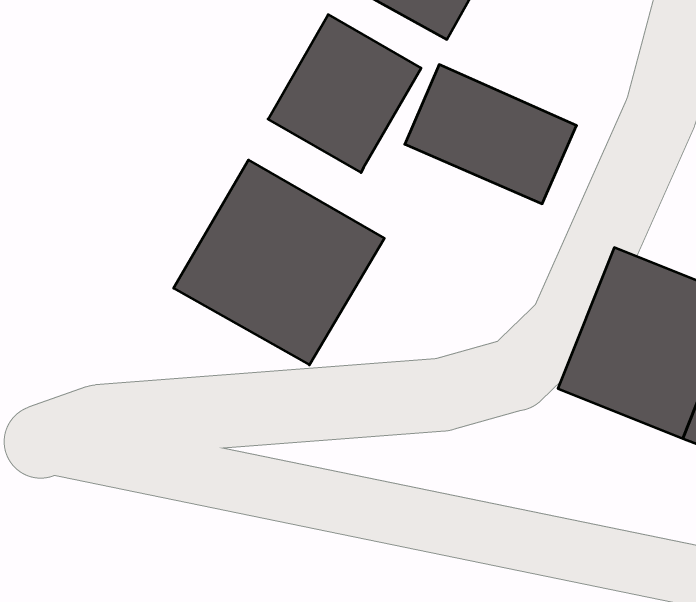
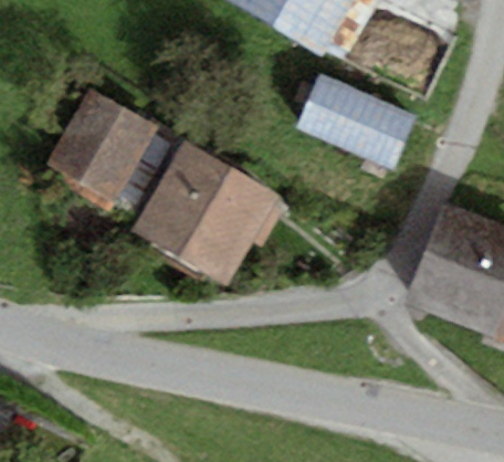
building: [268,15,421,173] -> none
building: none -> [45,90,157,203]

